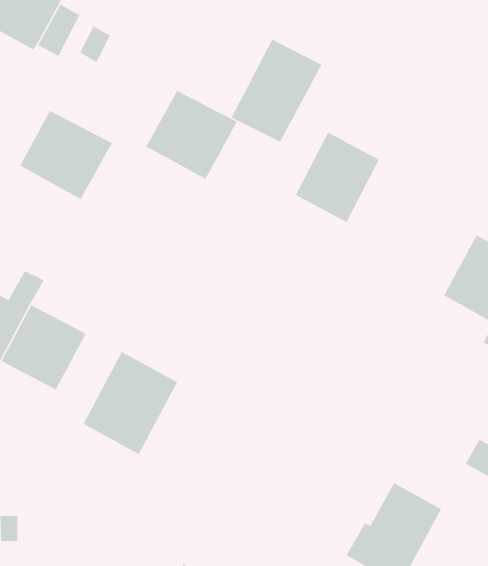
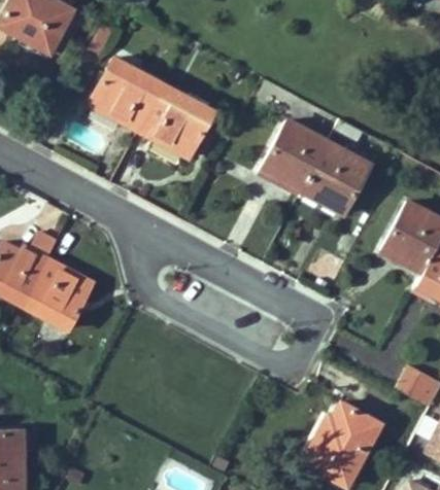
building: [231,38,322,143] -> none
building: [19,110,113,200] -> [89,59,165,132]
building: none -> [303,142,371,215]
building: [82,351,178,455] -> none

